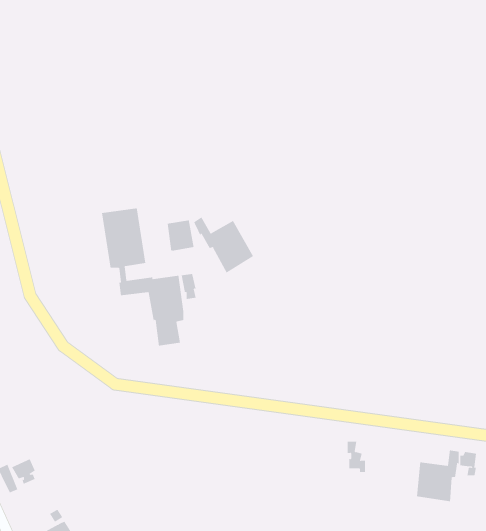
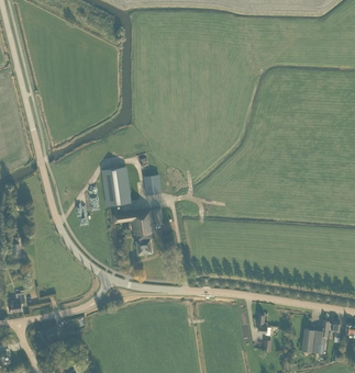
building: [193,216,254,273] -> none

